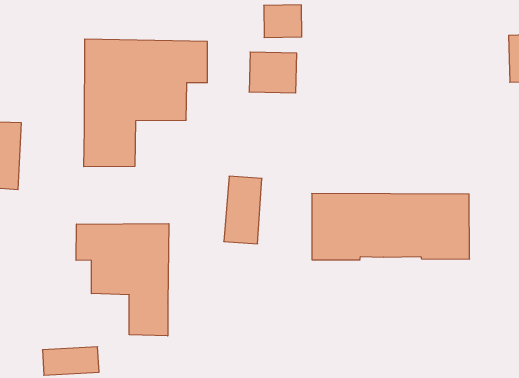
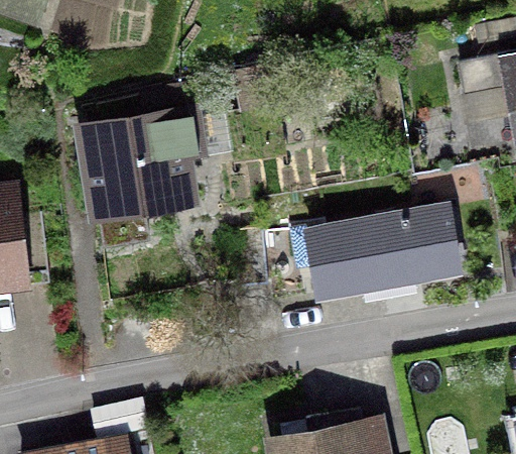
building: [76,224,169,336] -> none

